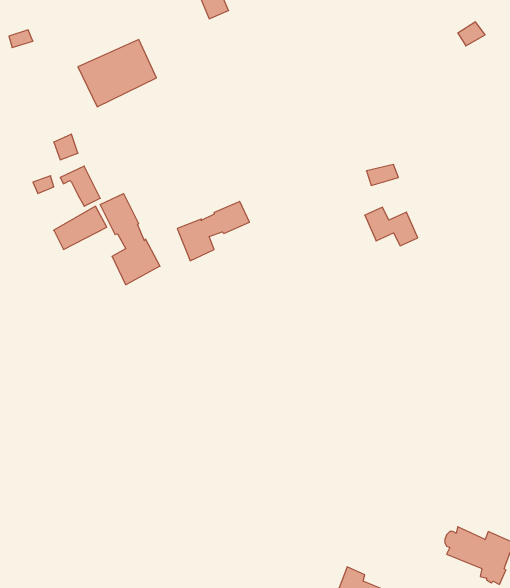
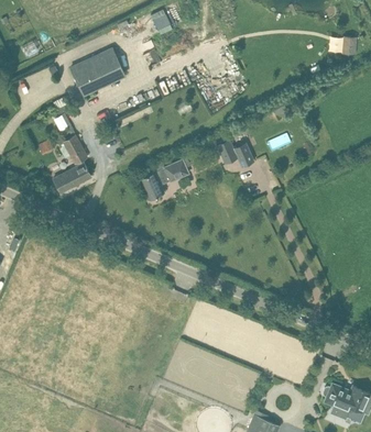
building: [100,194,160,285] -> none
building: [365,207,418,246] -> [217,141,253,167]

